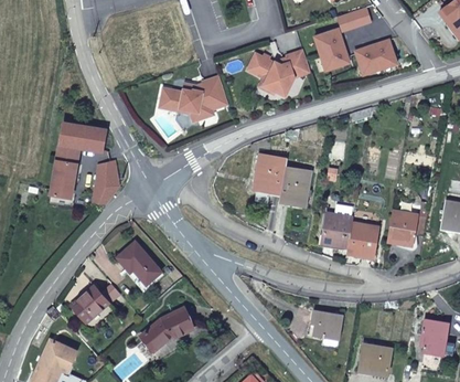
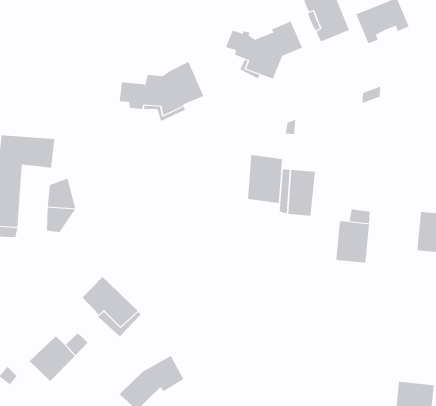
building: [346,223,377,257] -> none
building: [312,311,343,347] -> none

